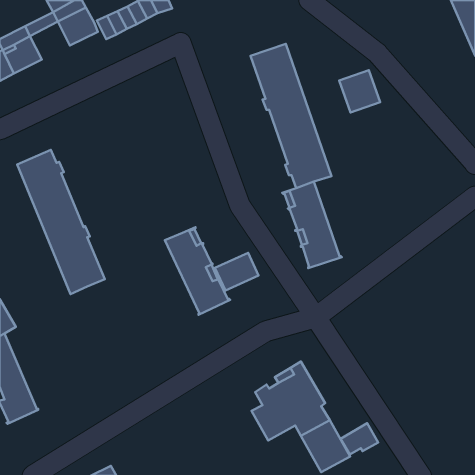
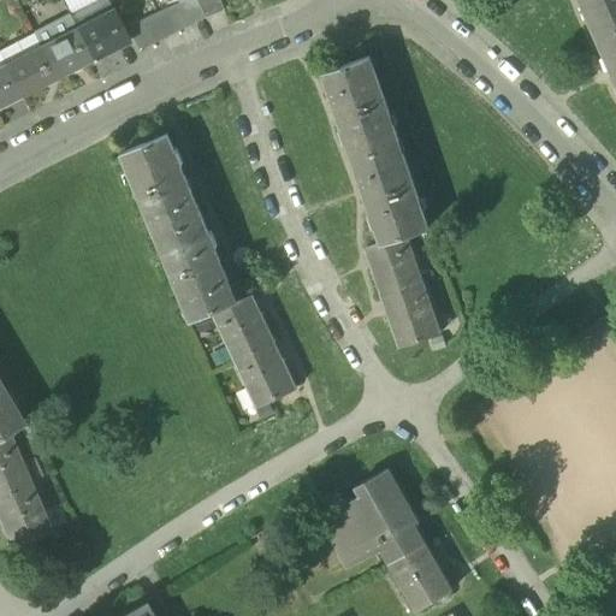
building: none -> [38,29,90,78]
building: [339,70,380,112] -> none
building: [17,150,105,294] -> [123,135,236,321]
building: [215,253,259,290] -> none
building: [340,423,378,454] -> none

